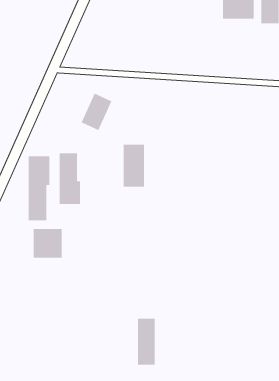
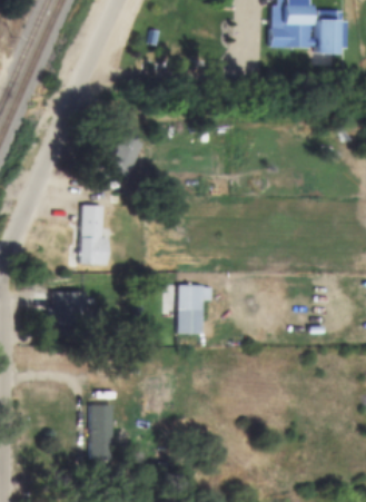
building: [123,144,145,187] -> [177,284,202,334]
building: [28,155,50,221] -> none
building: [137,318,155,365] -> [91,405,112,460]

